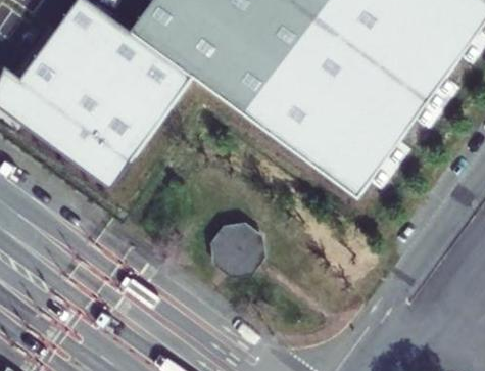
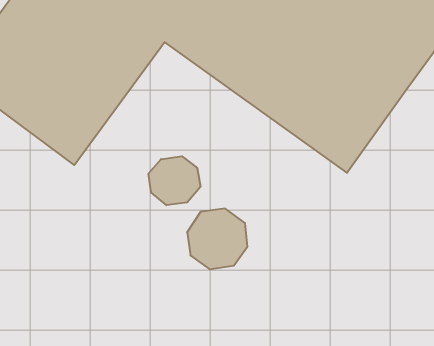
building: none -> [149,156,200,205]

